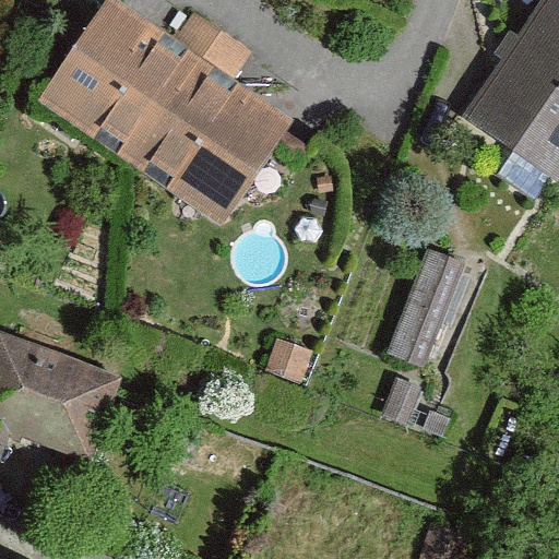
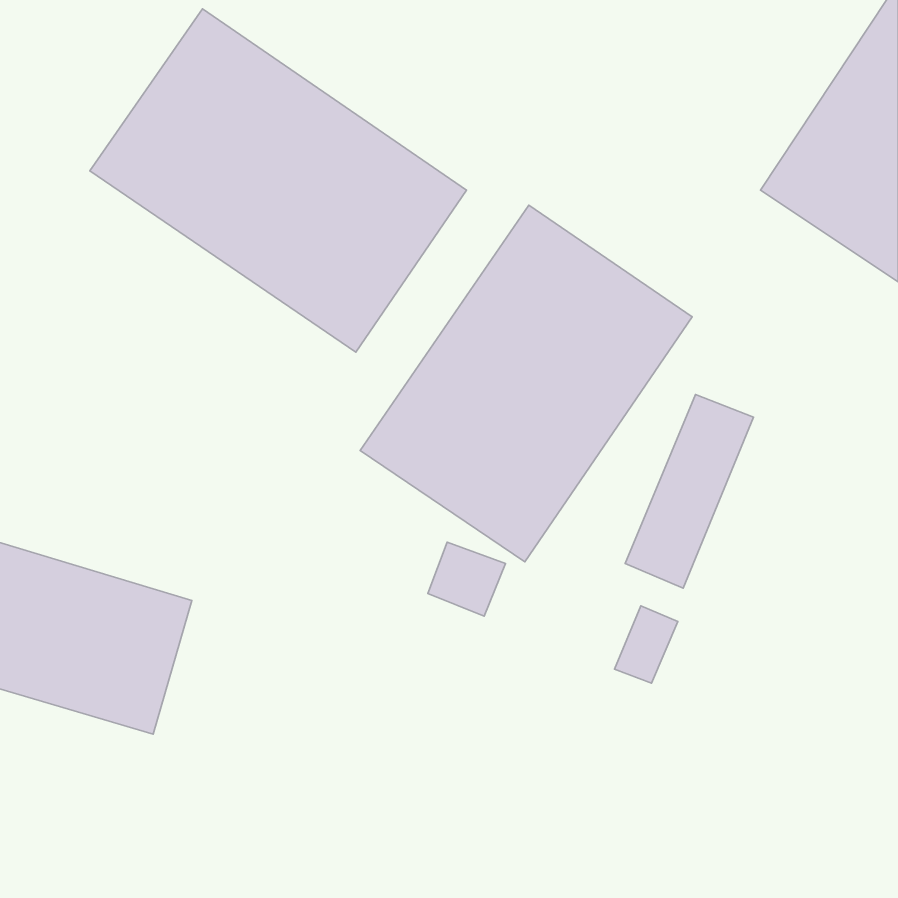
building: none -> [360,205,692,562]

